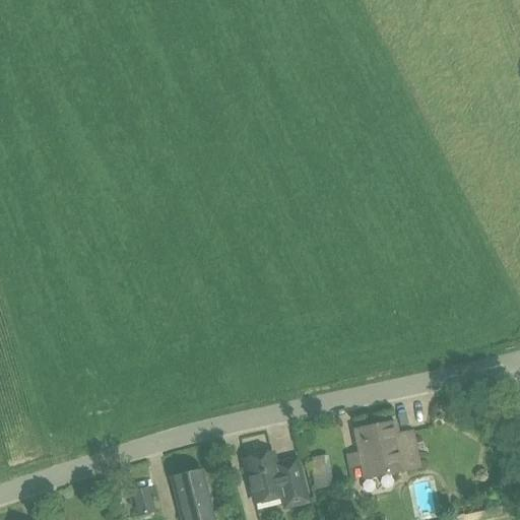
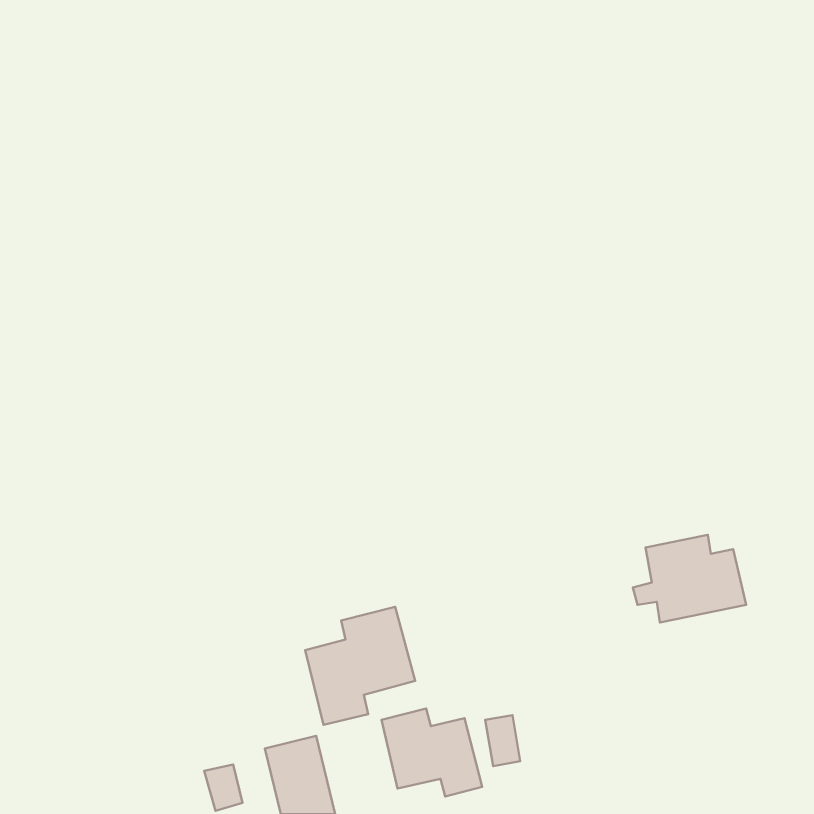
building: none -> [305,607,415,725]
building: [347,421,419,477] -> [633,535,746,623]

